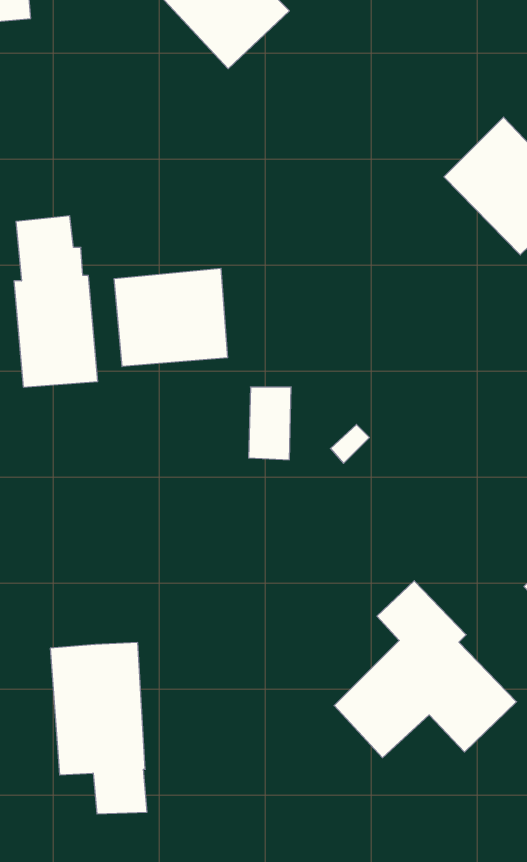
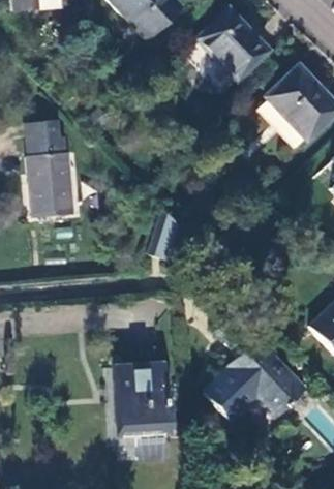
building: none -> [196,9,268,83]
building: [114,268,228,367] -> none
building: [50,643,147,814] -> [115,364,169,459]

